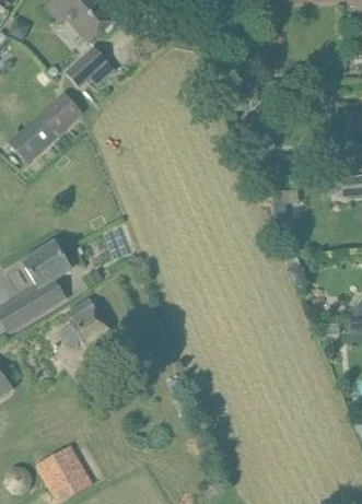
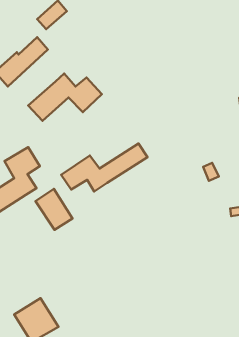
building: none -> [28,74,102,121]
building: none -> [61,144,148,191]

